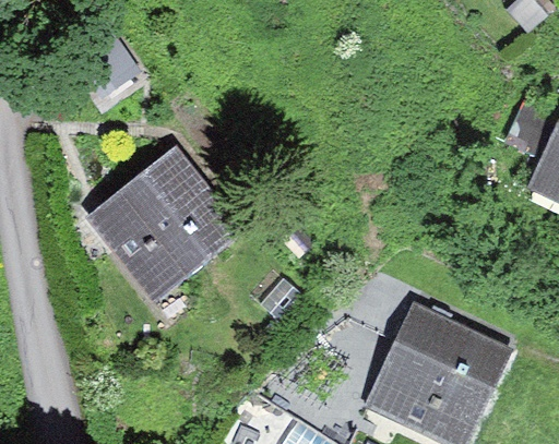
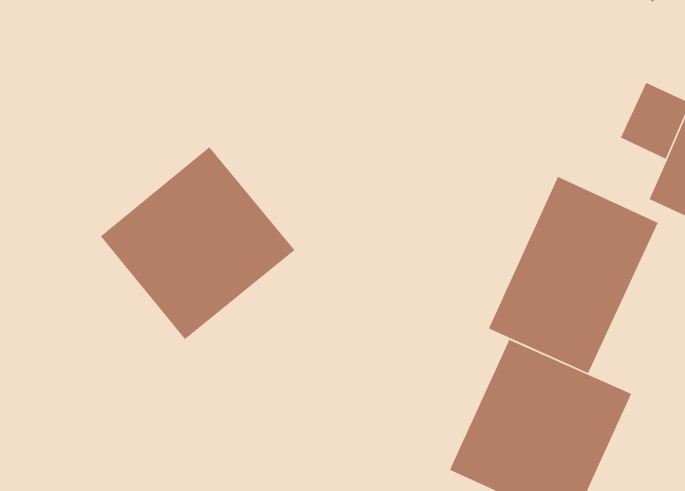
building: none -> [488,176,659,374]

